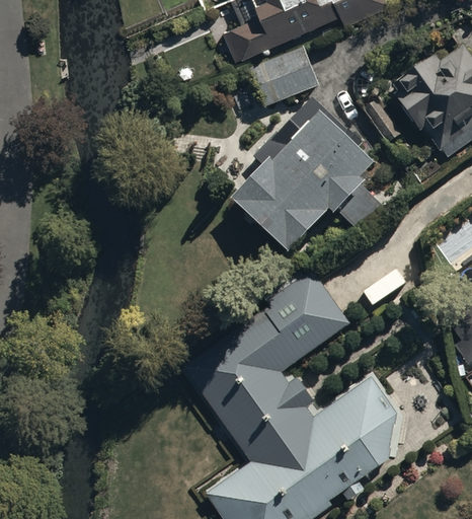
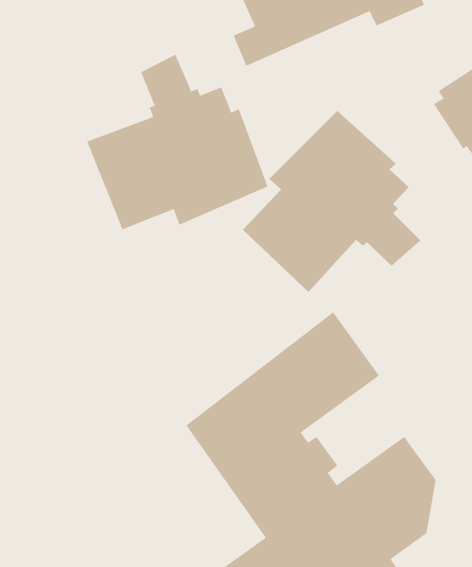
building: [248,47,318,107] -> none
building: none -> [87,54,268,230]

